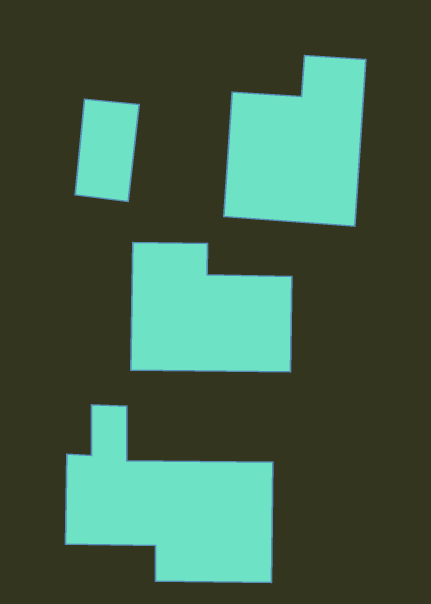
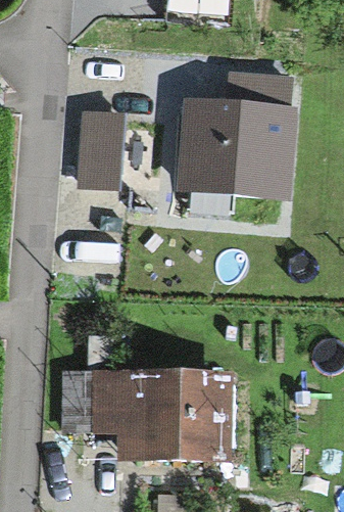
building: [131,243,292,372] -> none

